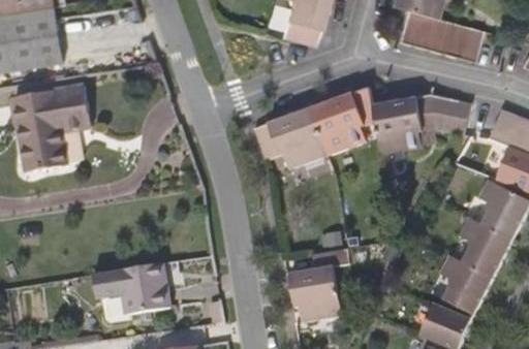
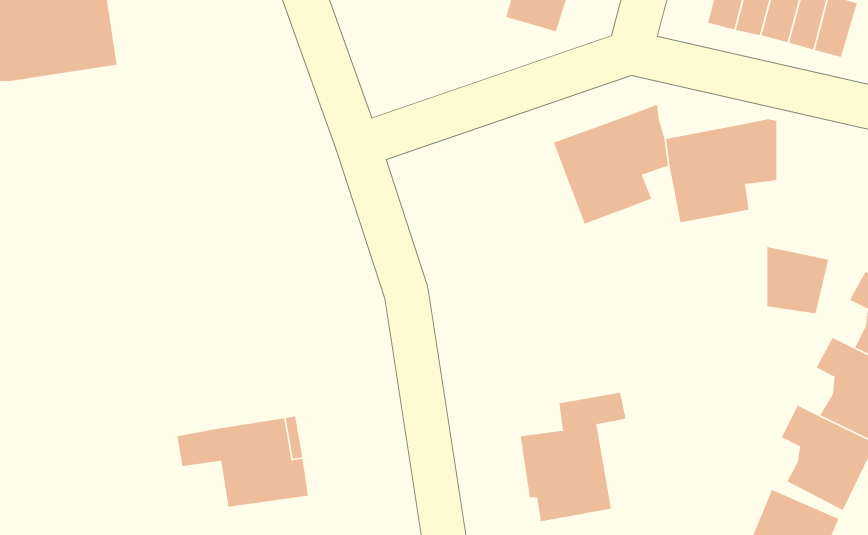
building: [17,88,95,171] -> none
building: [438,95,473,133] -> [767,246,829,314]
building: [256,107,330,167] -> none

